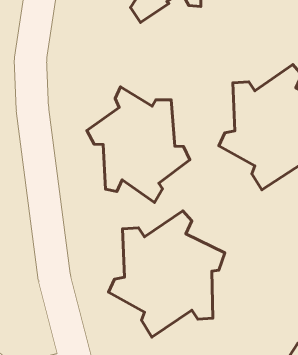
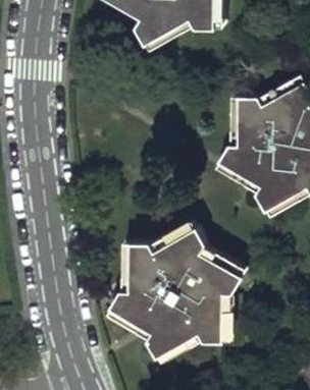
building: [87,87,190,203] -> none

